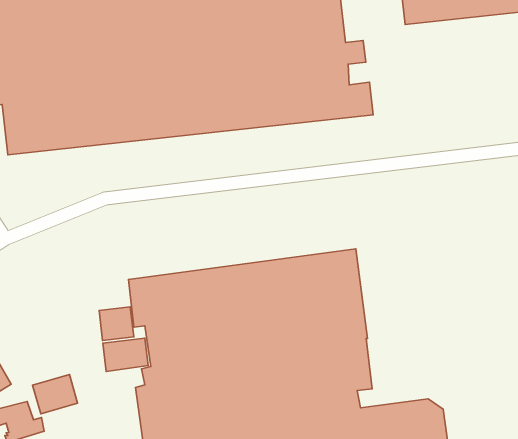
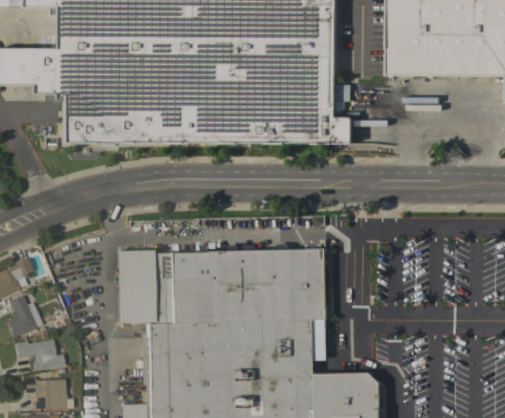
building: none -> [117,253,143,272]
building: [33,375,78,414] -> none

